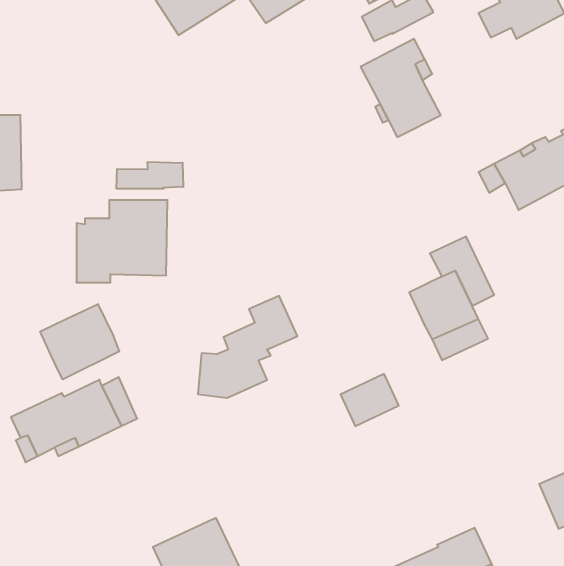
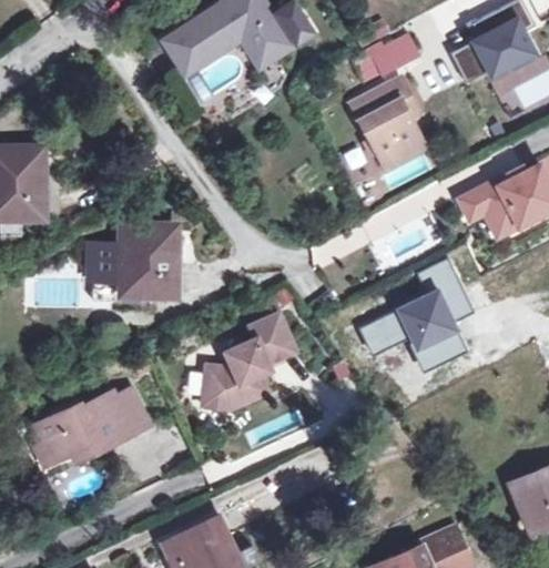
building: [117,162,183,189] -> none
building: [40,304,119,379] -> none
building: [340,374,399,426] -> [356,311,409,358]

